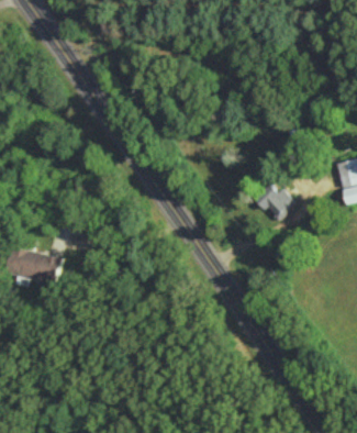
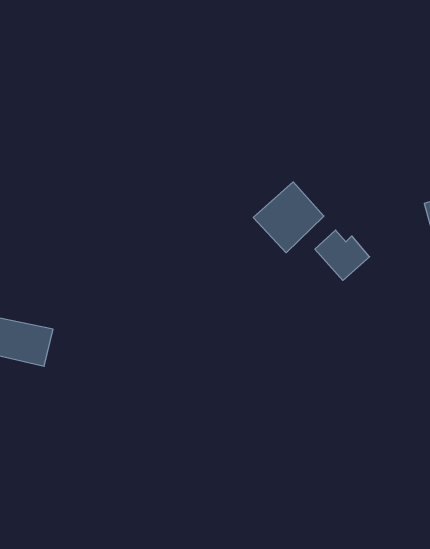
building: none -> [253,182,324,253]

